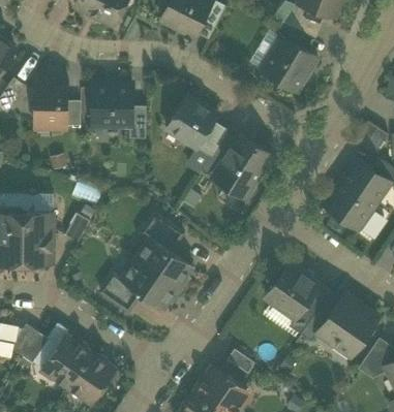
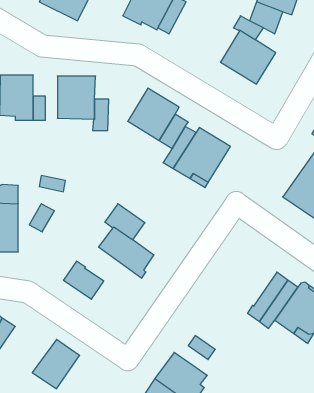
building: [121,259,180,310] -> none
building: [266,265,319,320] -> none
building: [44,336,92,388] -> none

